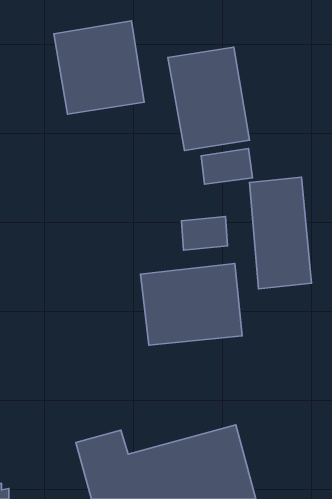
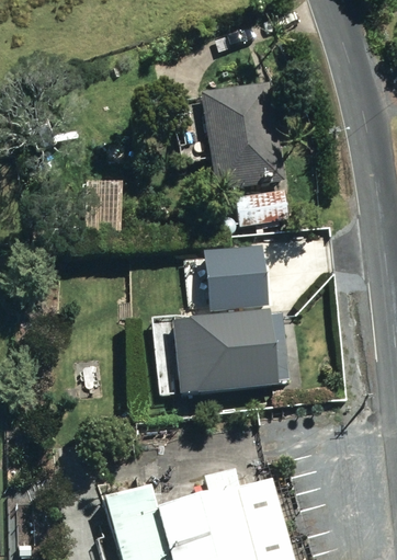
building: [54,21,144,114] -> none
building: [249,177,312,289] -> none

